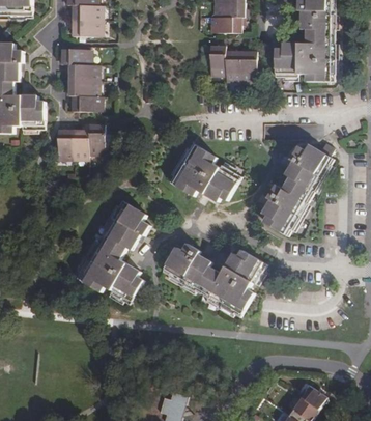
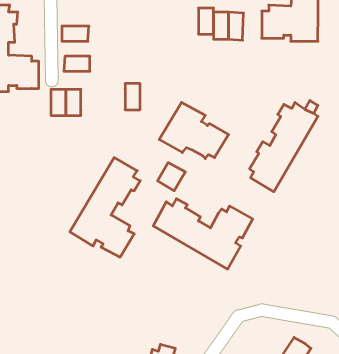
building: [60,49,87,64] -> none
building: [68,80,95,95] -> none
building: [88,124,104,151] -> [125,84,140,110]
building: none -> [158,163,185,191]

